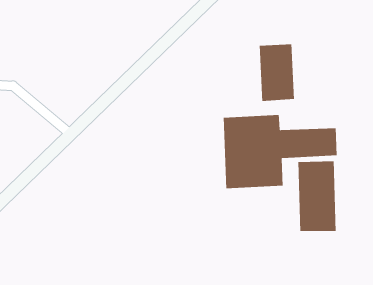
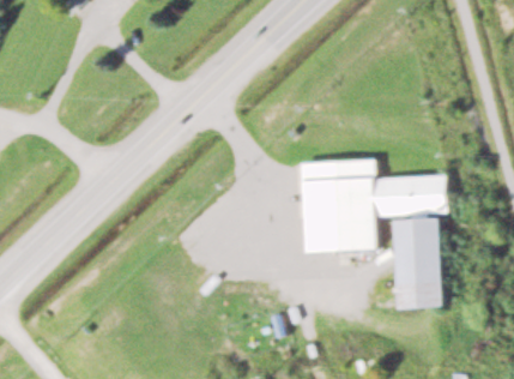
building: [259,44,295,102] -> none

